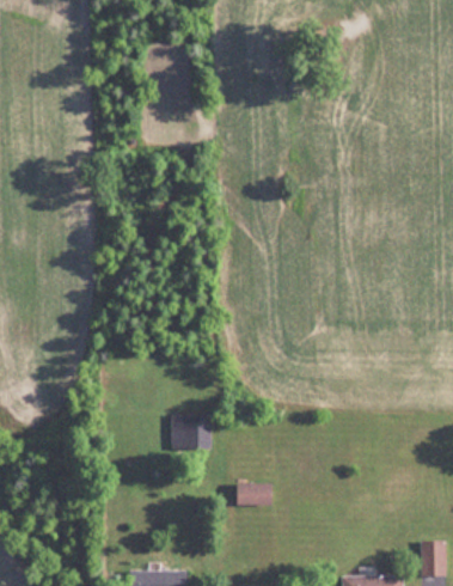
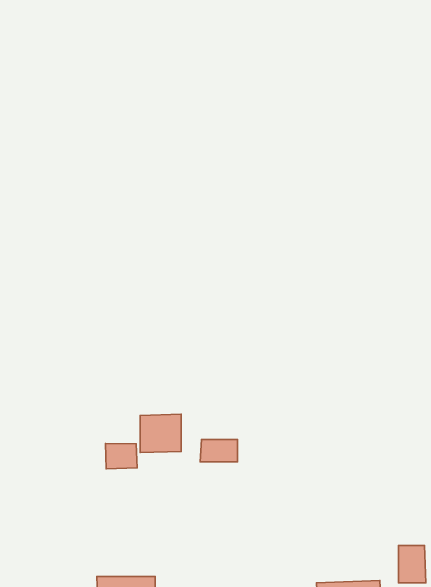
building: none -> [105,443,137,469]
building: [237,483,273,505] -> [200,439,237,462]

